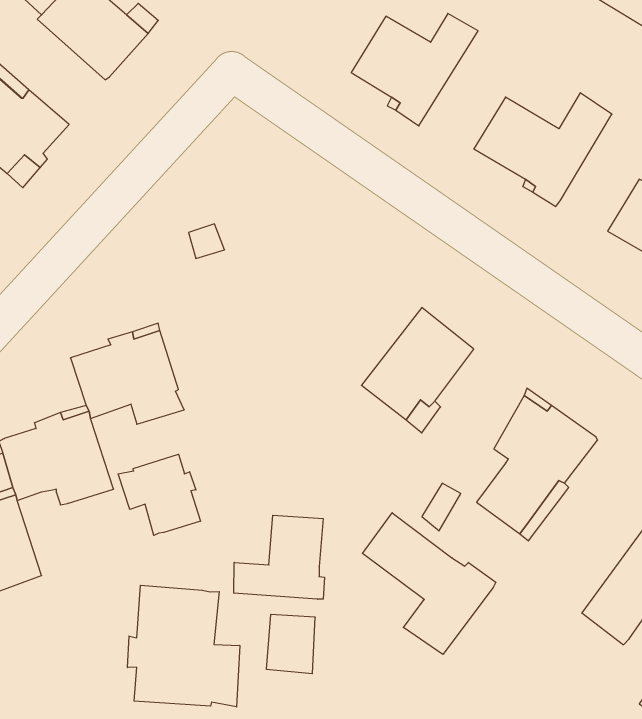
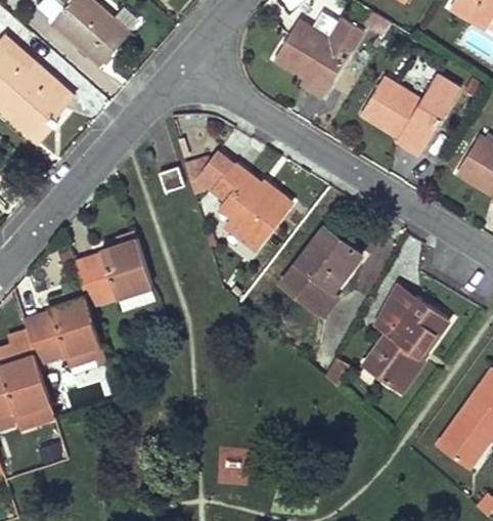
building: none -> [185,155,289,249]
building: [118,454,201,535] -> none
building: [362,513,496,654] -> none
building: [234,515,324,599] -> none
building: [128,585,240,707] -> none

